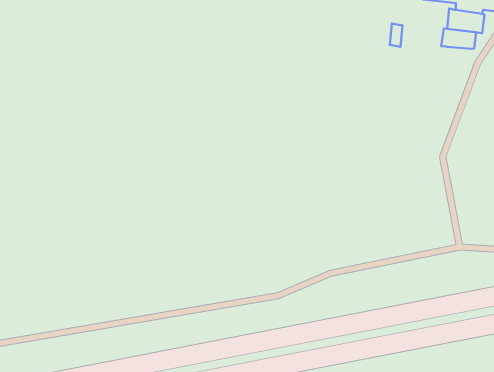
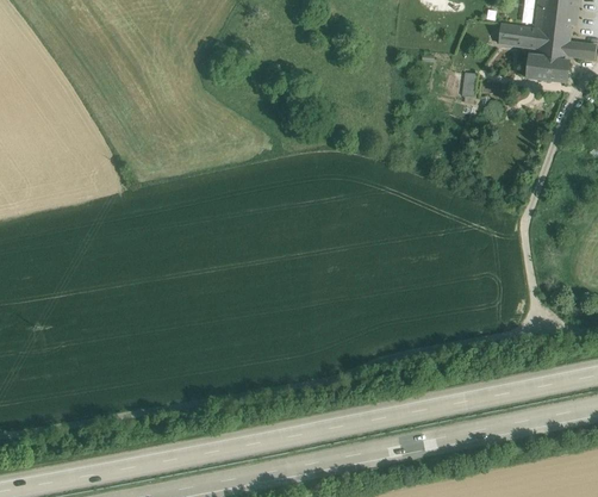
building: [441,28,476,49] -> none

